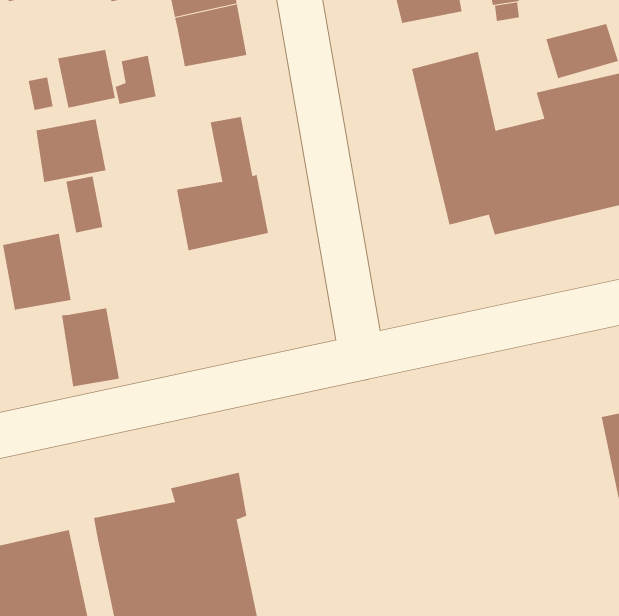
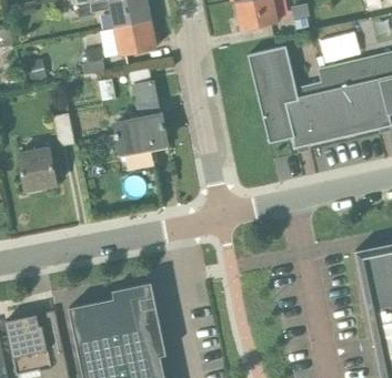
building: [58,49,116,109] -> none
building: [36,118,106,183] -> none
building: [61,307,120,387] -> none

